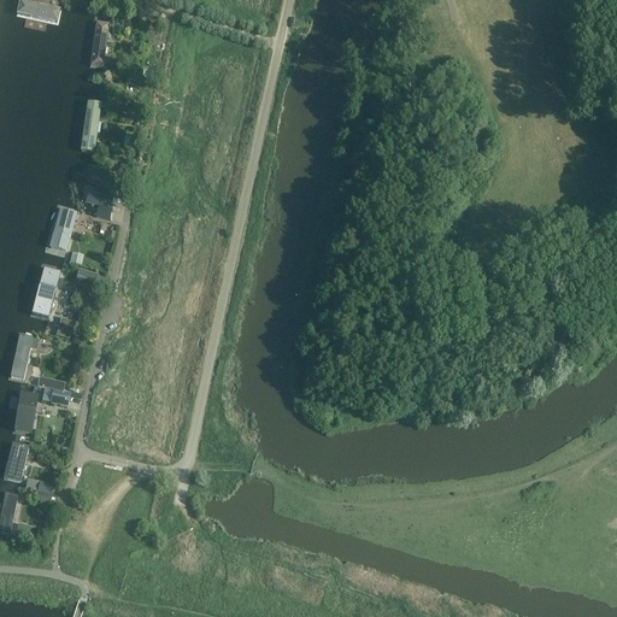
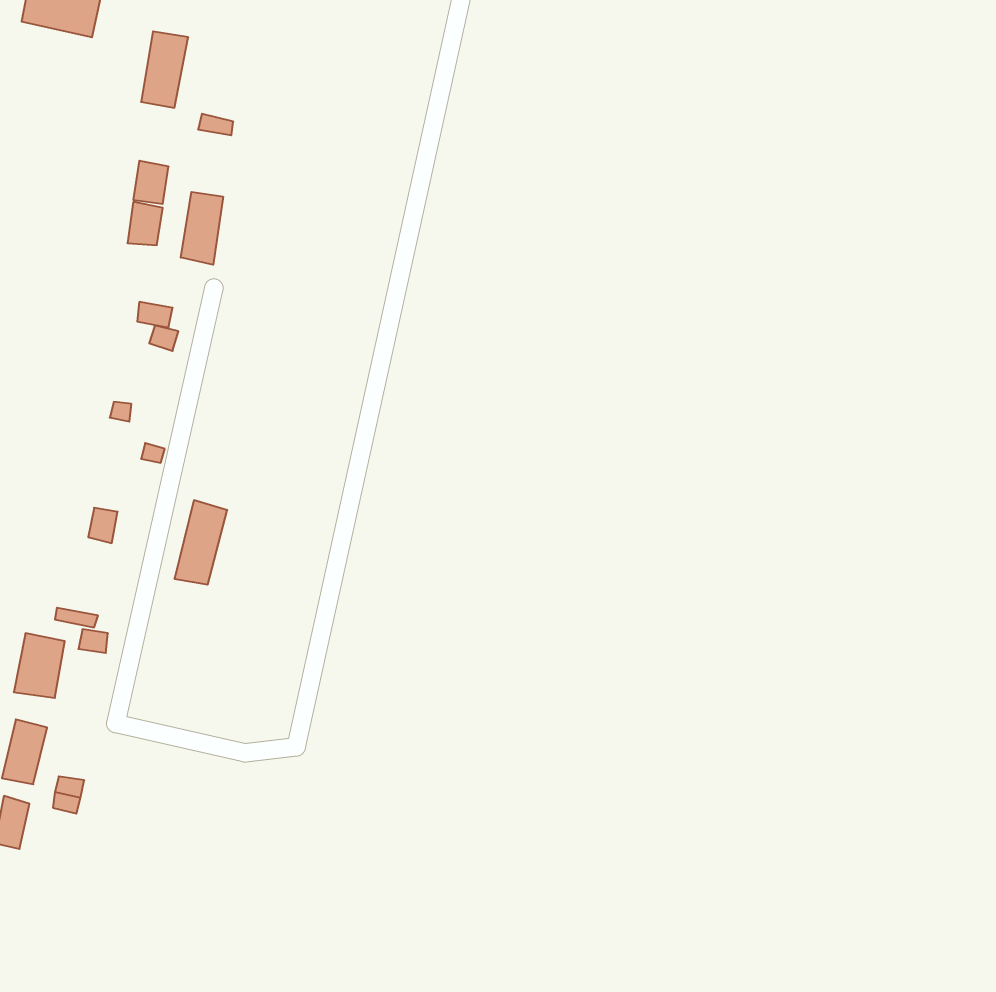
building: none -> [181,192,223,265]
building: [42,200,77,253] -> none
building: [33,268,65,319] -> [174,500,227,585]
building: [8,333,34,378] -> none

